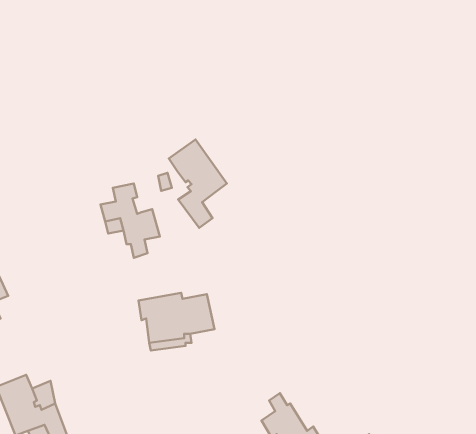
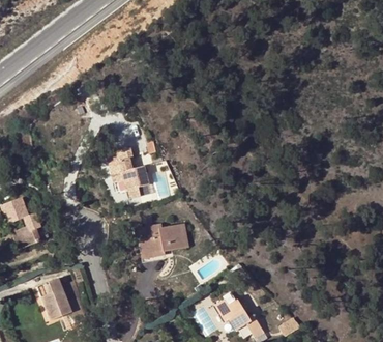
building: [169,139,227,228] -> none

